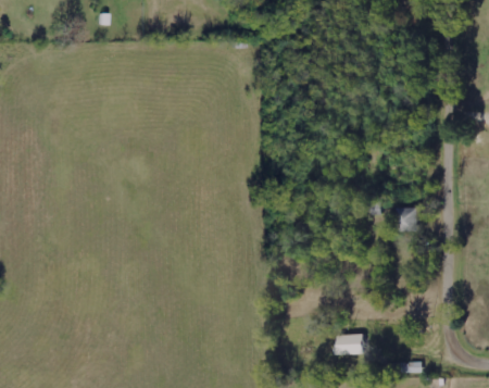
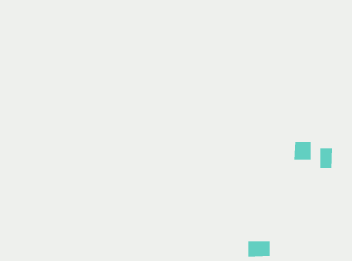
building: none -> [320,148,333,169]

